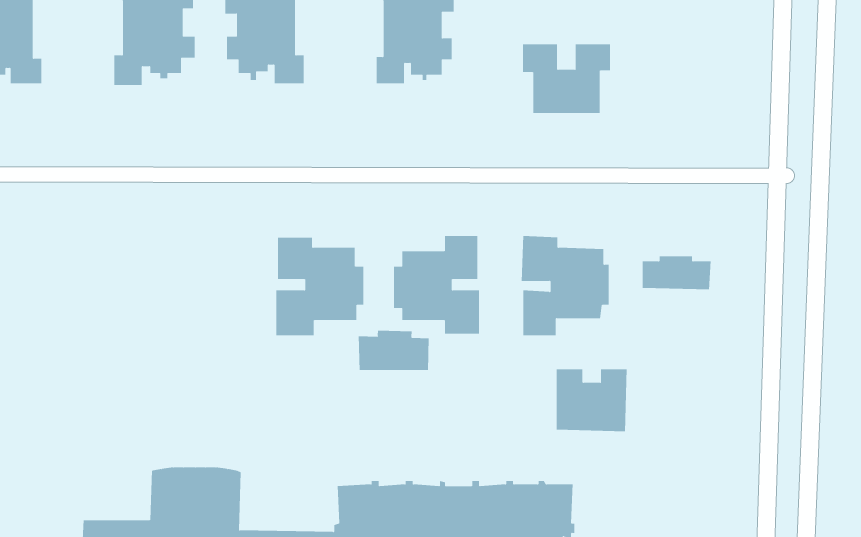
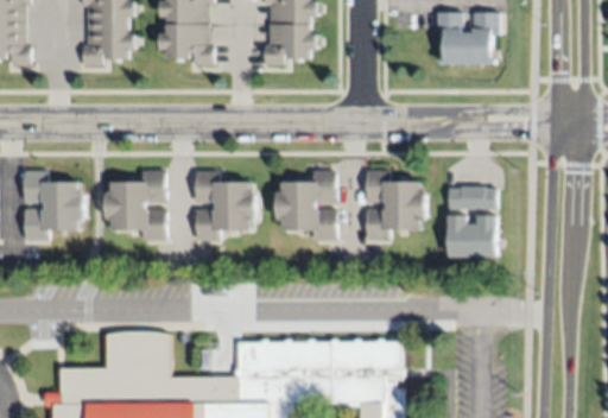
building: [522,44,611,114] -> [436,13,498,62]
building: none -> [25,170,84,239]
building: none -> [106,170,165,238]
building: [358,330,429,371] -> none
building: [556,369,628,432] -> [448,213,498,256]

